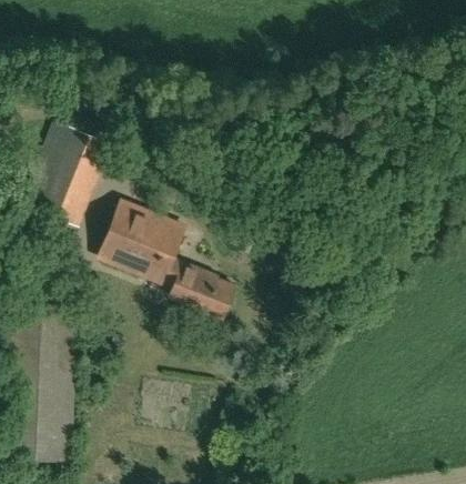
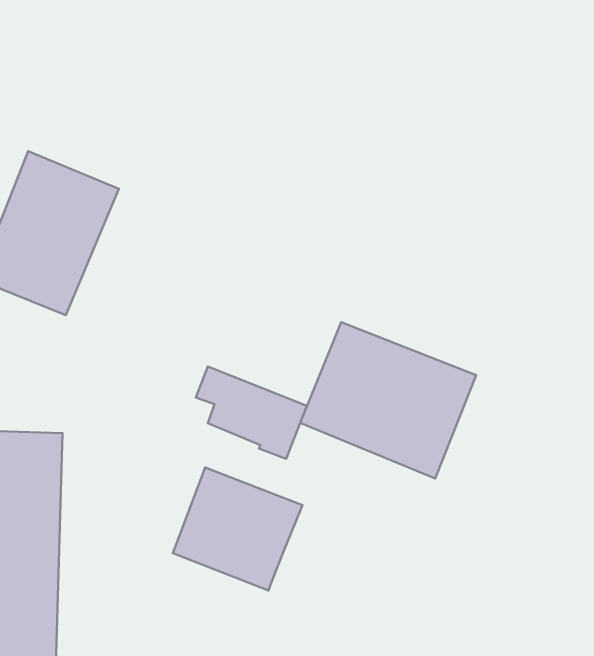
building: [100,202,184,282] -> [173,468,303,591]
building: none -> [300,322,476,478]

